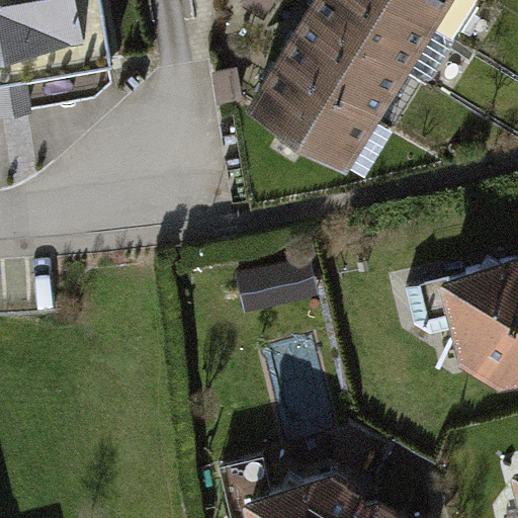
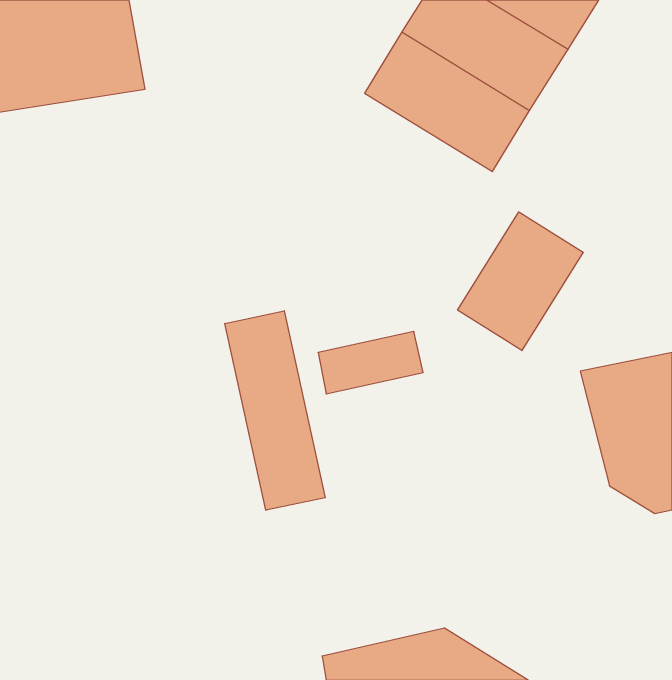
building: [248,71,374,177] -> none
building: none -> [458,212,583,351]
building: none -> [225,311,325,510]

